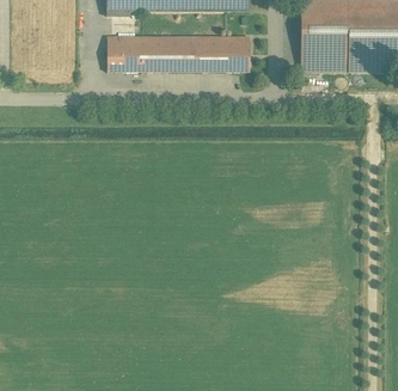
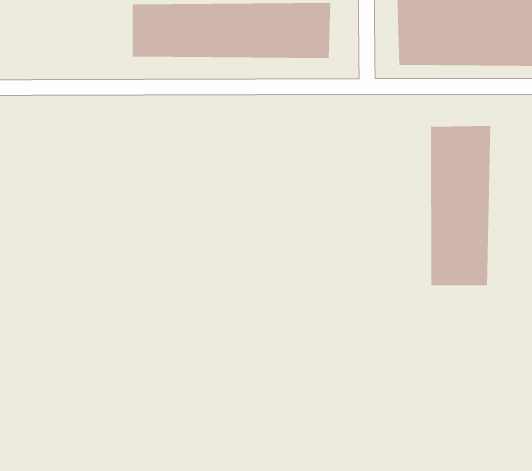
building: none -> [431,125,491,286]

